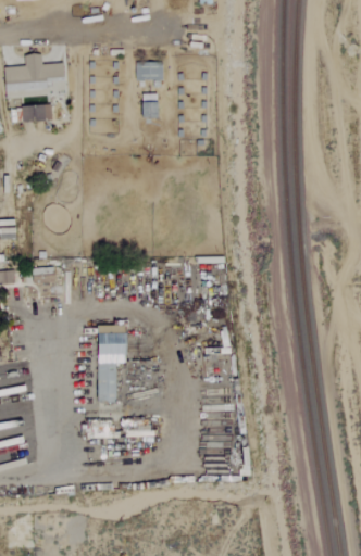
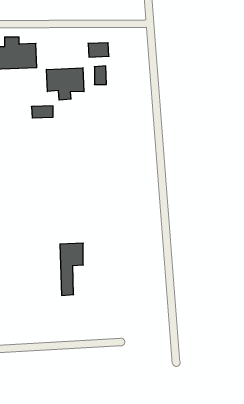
building: none -> [46,68,84,100]
building: [22,104,51,121] -> [31,106,53,118]

